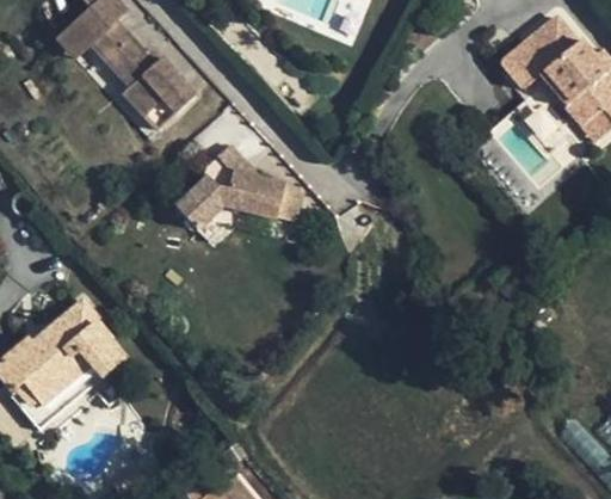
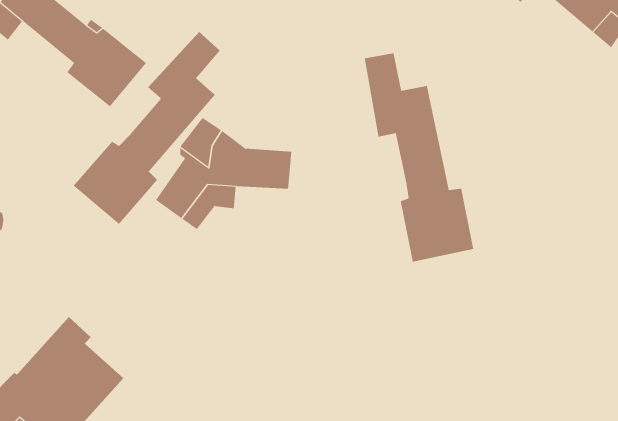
building: none -> [73,31,221,225]
building: none -> [364,52,474,263]

